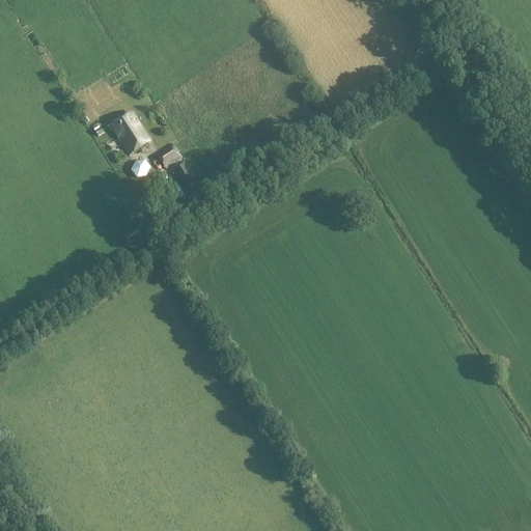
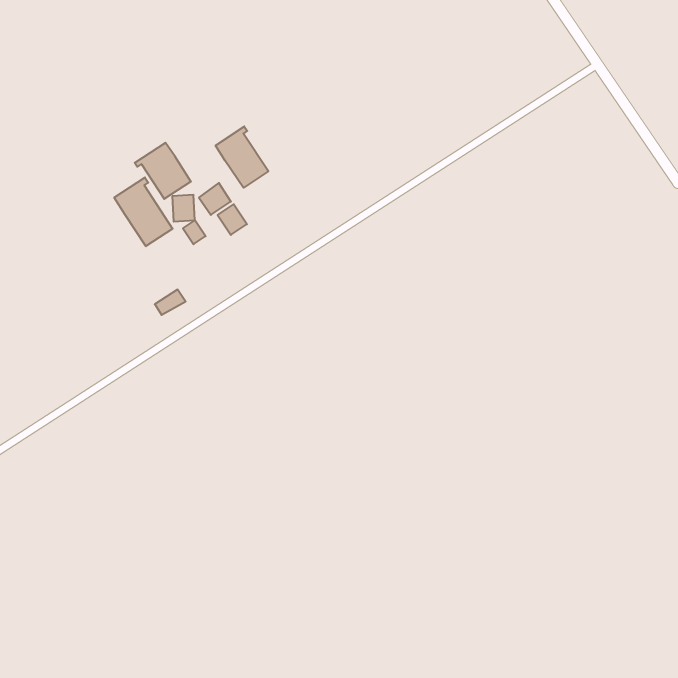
building: none -> [216,126,268,188]
building: none -> [114,177,173,246]

